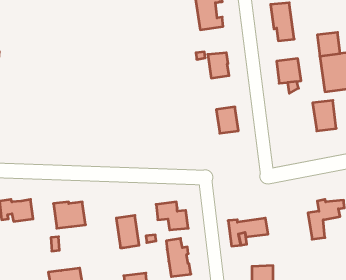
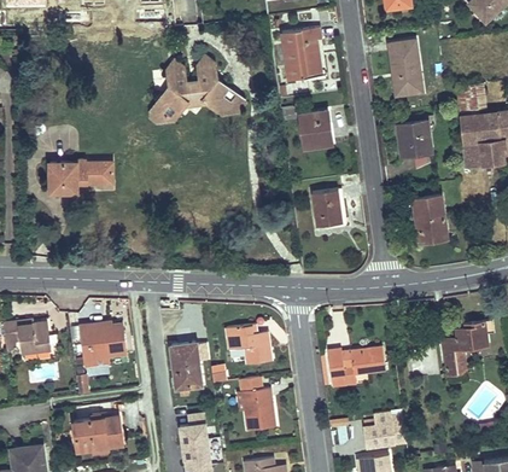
building: none -> [150,54,245,123]
building: none -> [49,161,112,192]
building: [313,100,336,131] -> [413,196,446,239]

